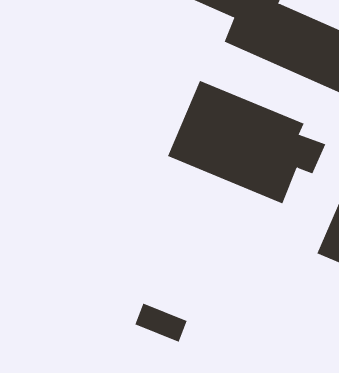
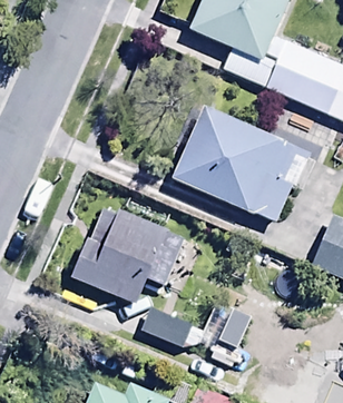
building: none -> [70,204,184,304]

